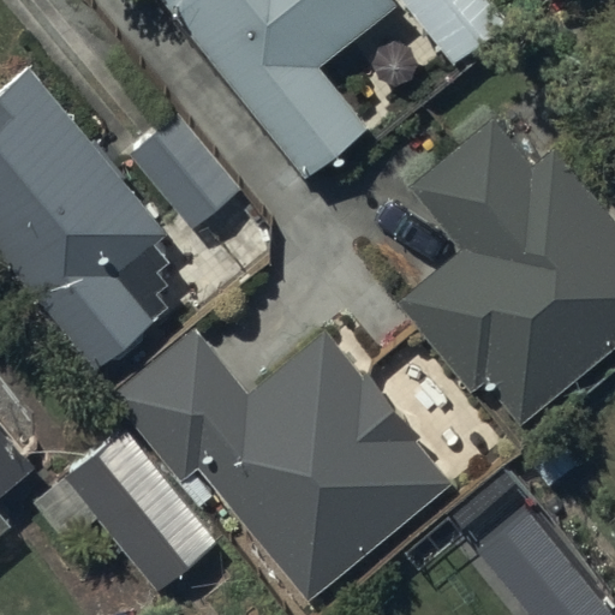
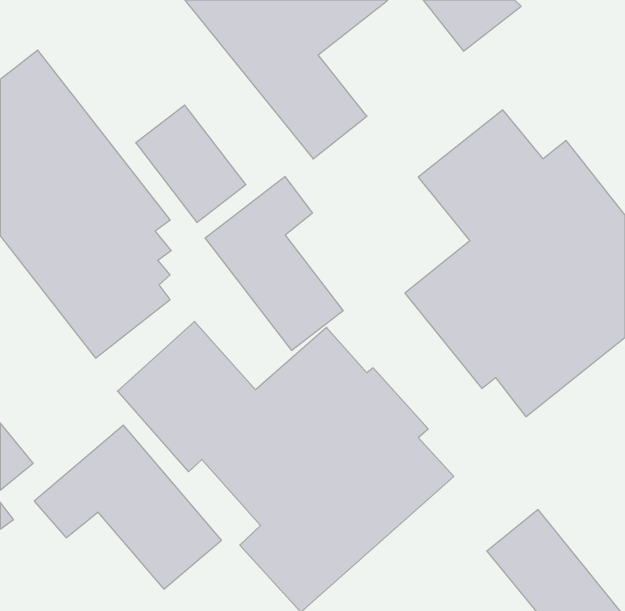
building: none -> [205,177,343,350]

